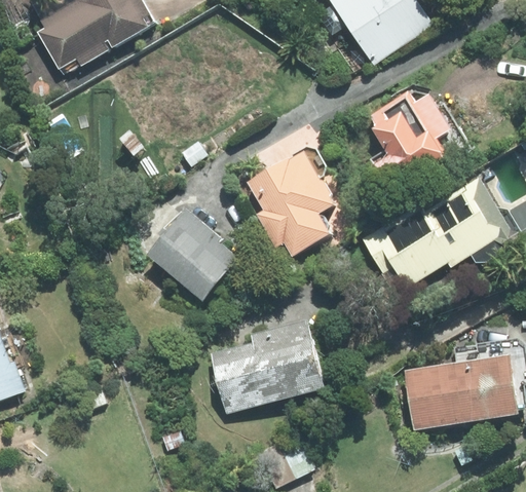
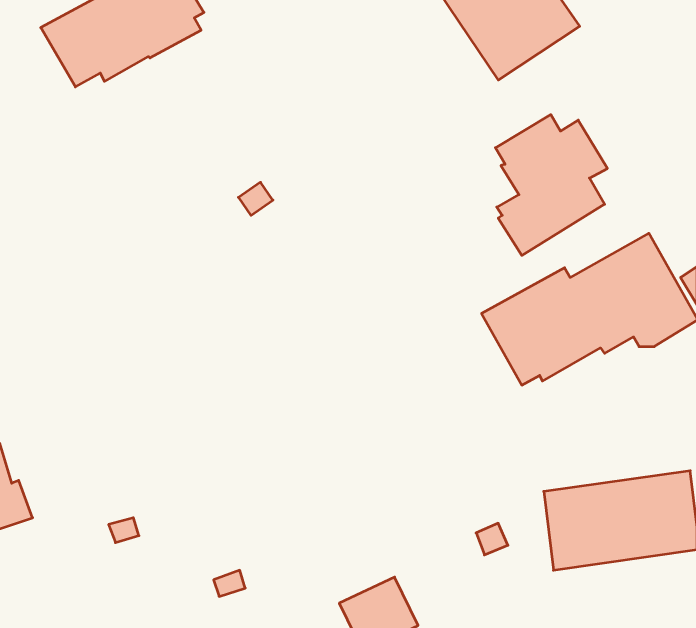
building: [248,150,337,257] -> none
building: [149,207,241,302] -> none
building: [209,319,327,413] -> none

